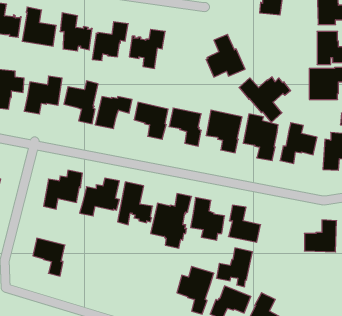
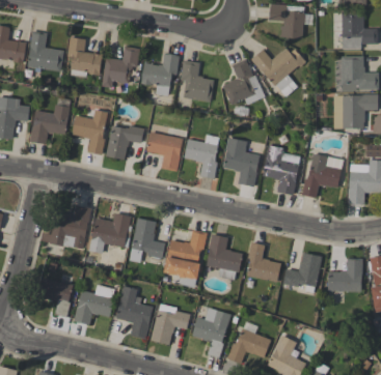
building: none -> [181,60,214,102]
building: [239,77,291,123] -> [251,48,306,96]
building: none -> [75,284,115,324]
building: none -> [116,285,153,339]
building: [216,248,252,287] -> [283,252,322,293]
building: none -> [151,304,191,344]

